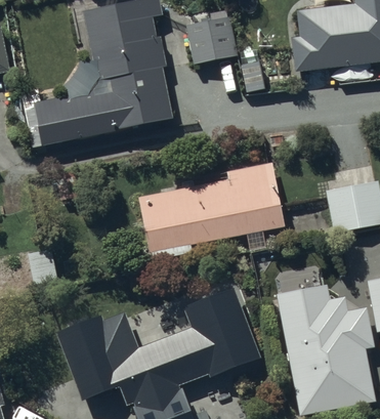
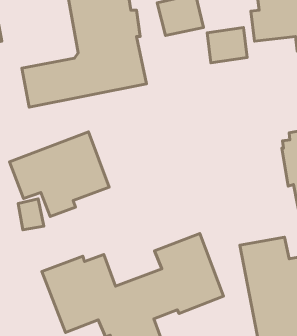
building: [138,161,285,259] -> none
building: none -> [9,132,109,217]

